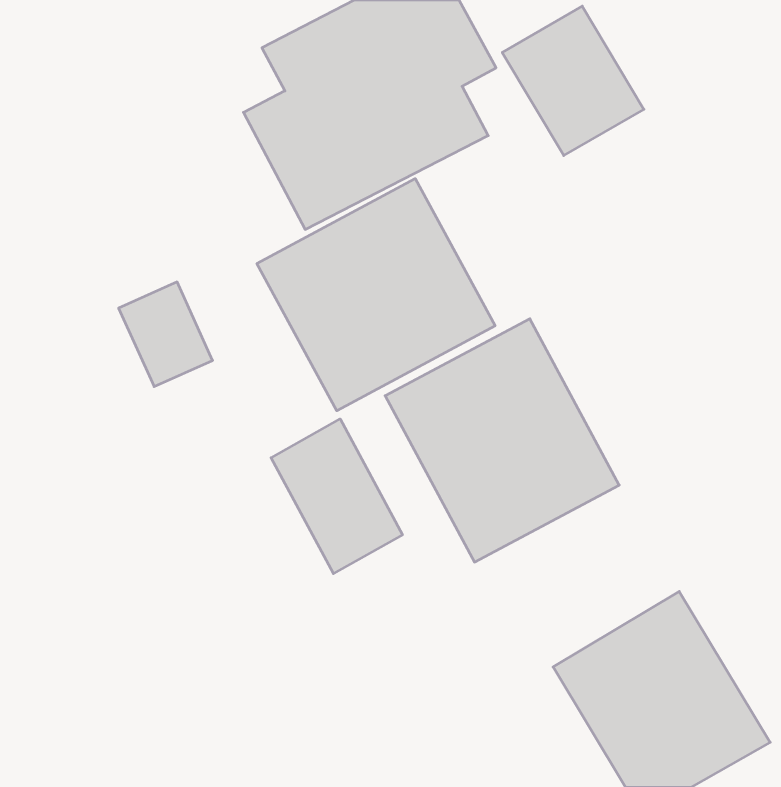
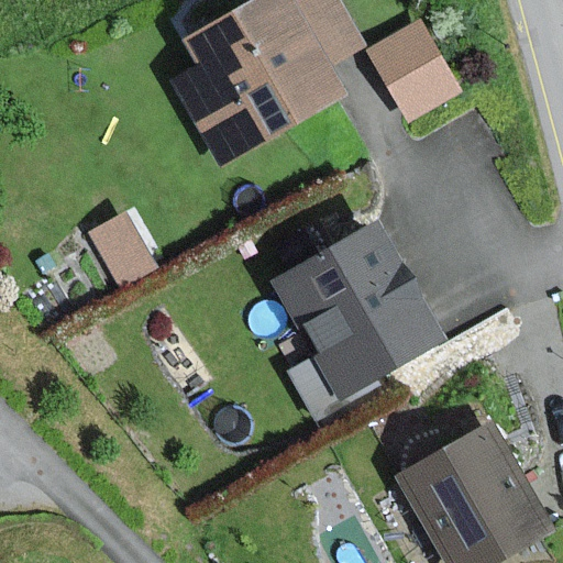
building: [257,179,495,411] -> none
building: [271,419,402,574] -> none

